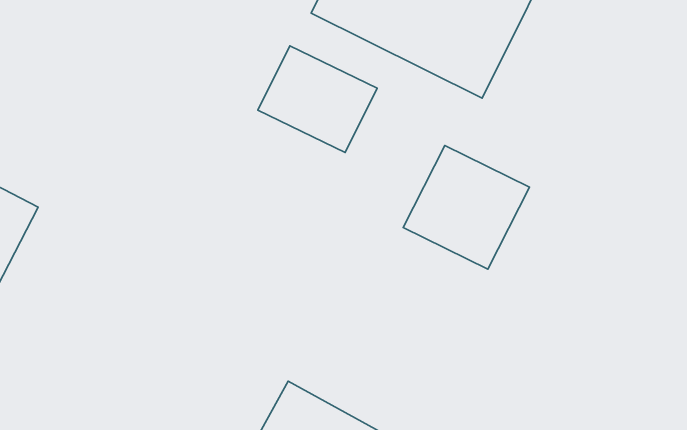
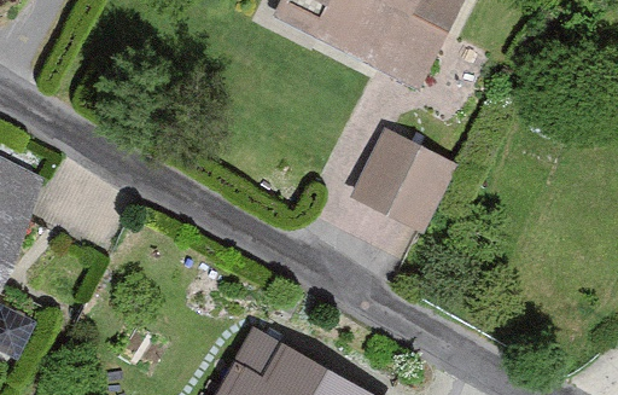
building: [258,46,377,153] -> none

